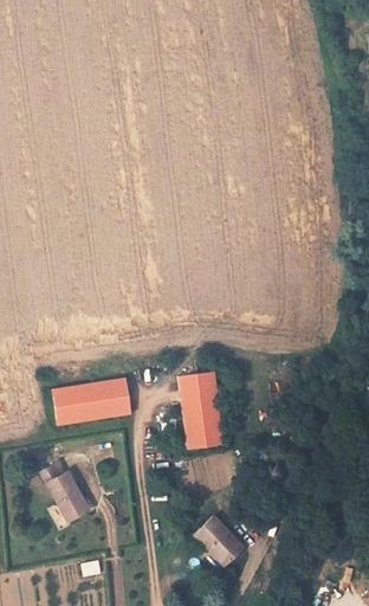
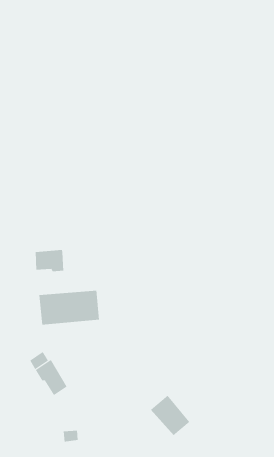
building: none -> [35,249,64,272]
building: [179,374,224,450] -> none

